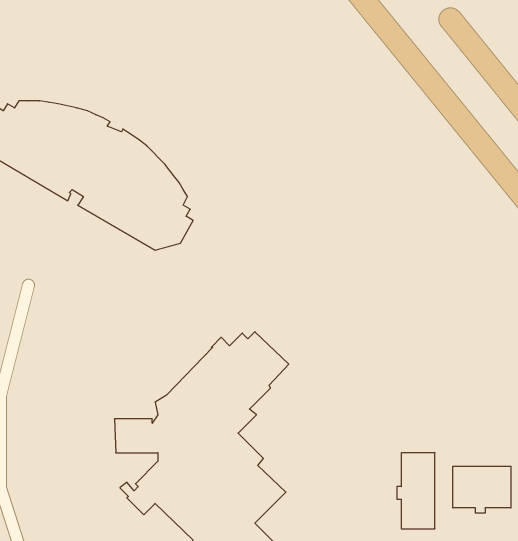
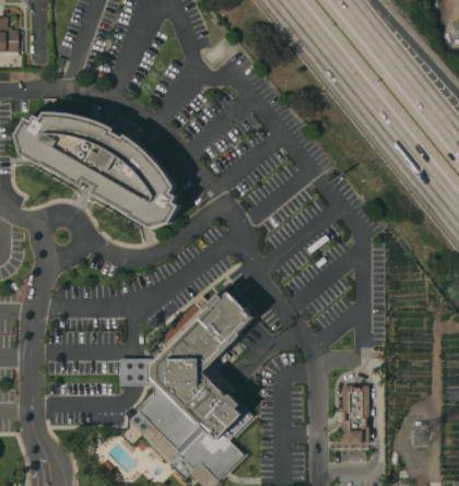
building: [453,466,511,513] -> none

